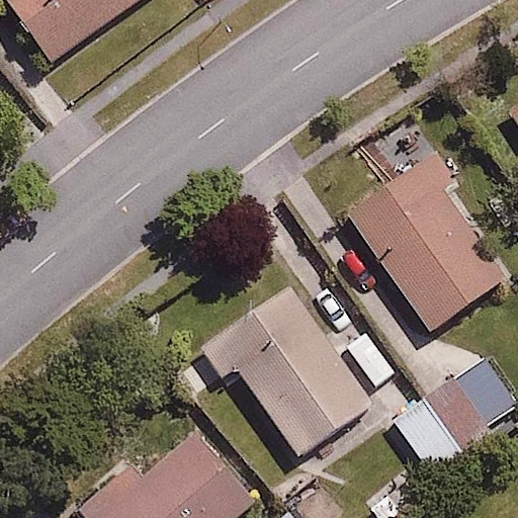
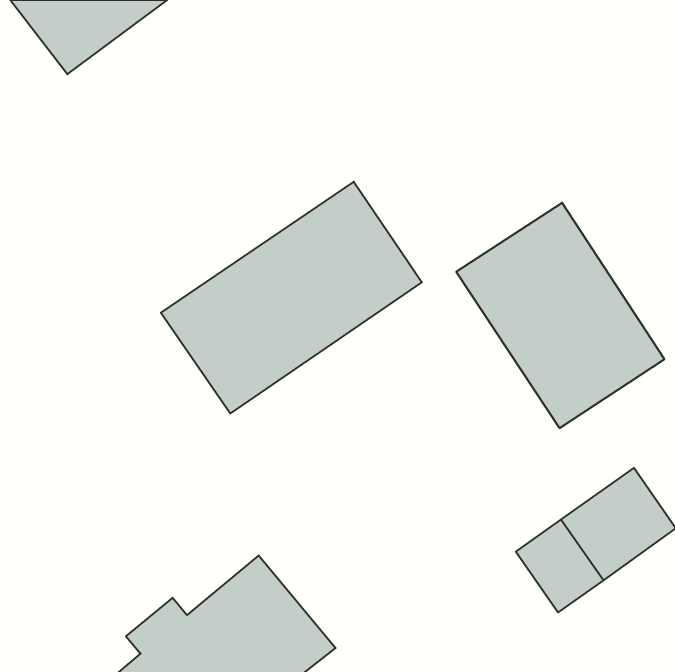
building: none -> [161,182,422,413]
building: [200,284,371,456] -> none

